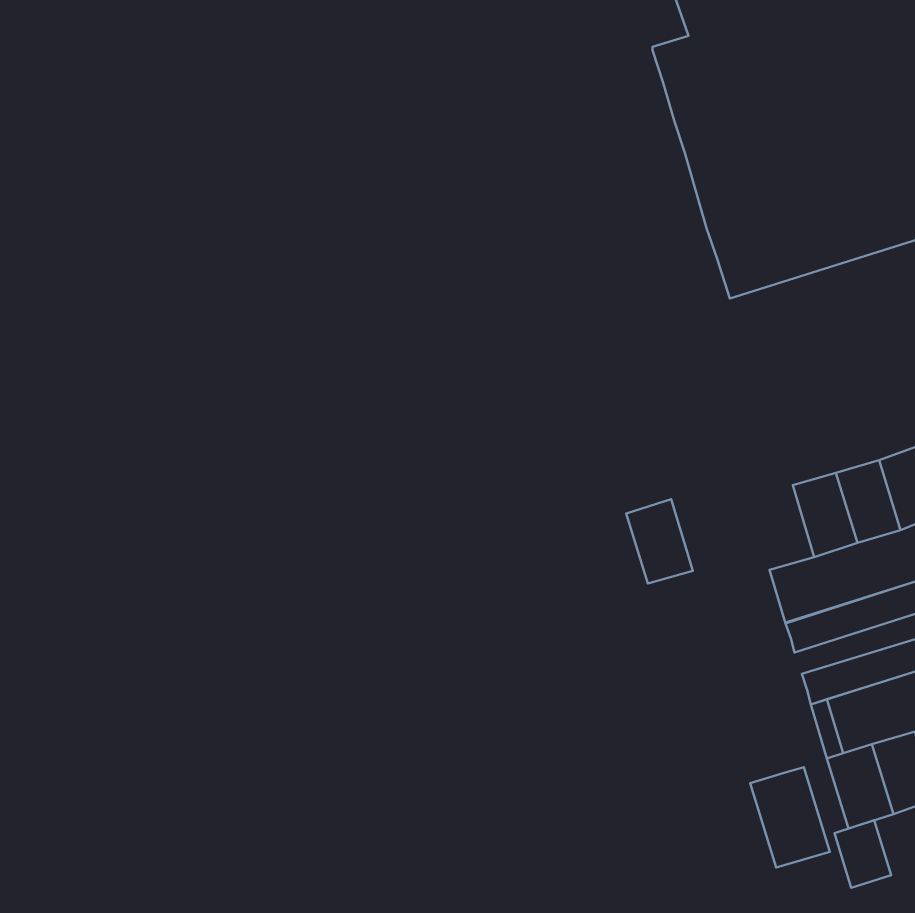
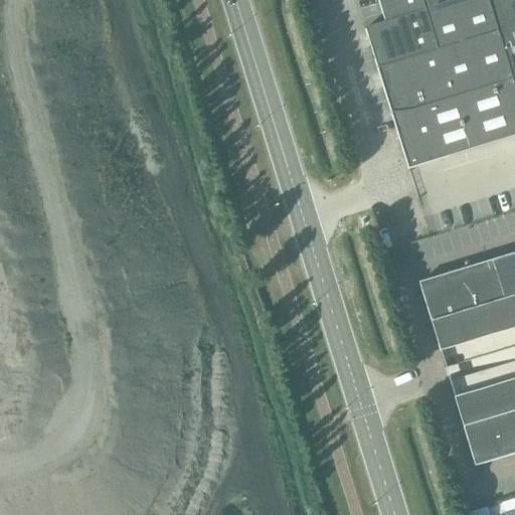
building: [626,499,693,584] -> [420,272,458,319]
building: [750,767,830,868] -> none
building: [834,820,891,888] -> none

